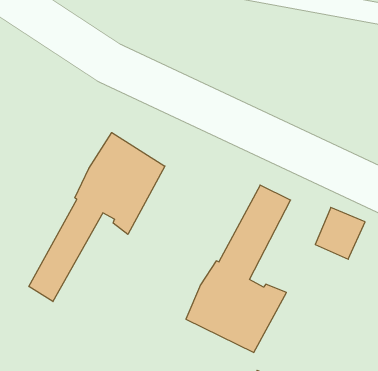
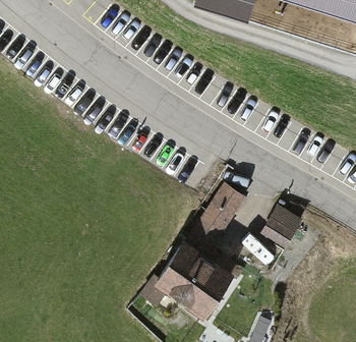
building: [29,133,165,302] -> none

